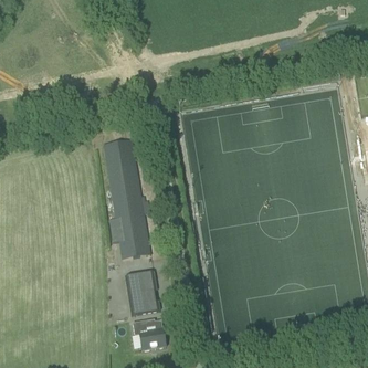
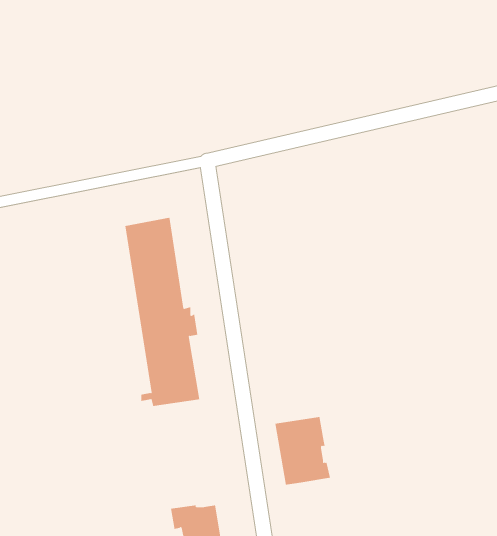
building: [124,271,159,314] -> [275,417,331,485]

